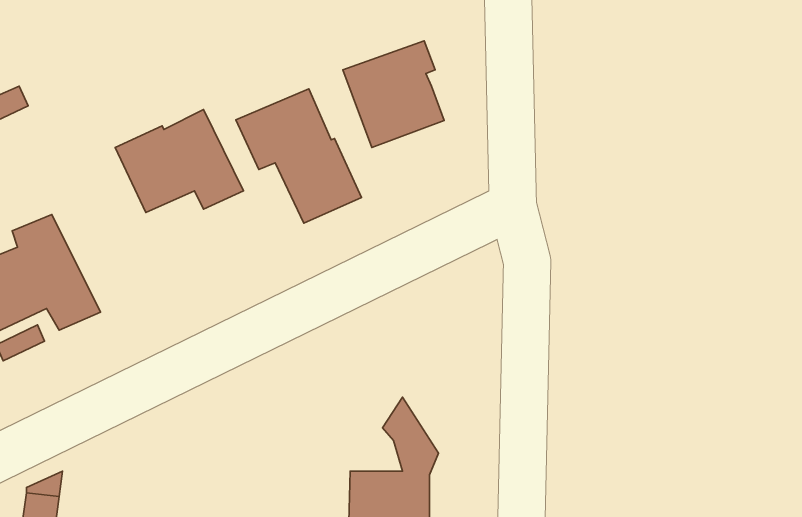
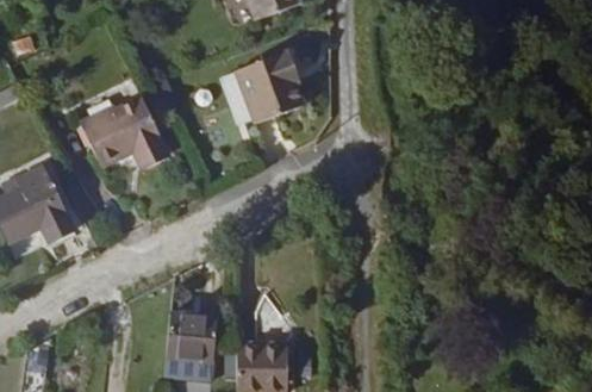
building: [236,89,361,223] -> none
building: none -> [167,315,217,360]

